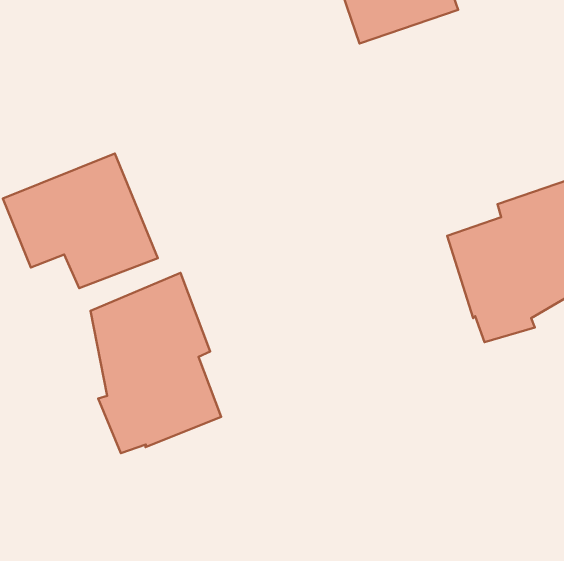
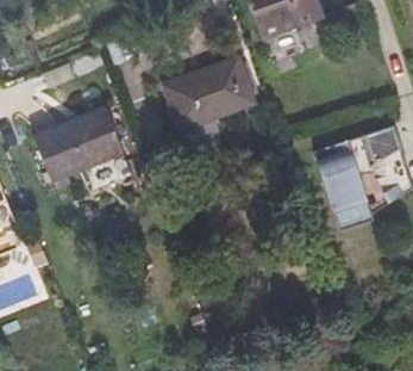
building: none -> [162,57,254,129]
building: [91,273,221,453] -> none

